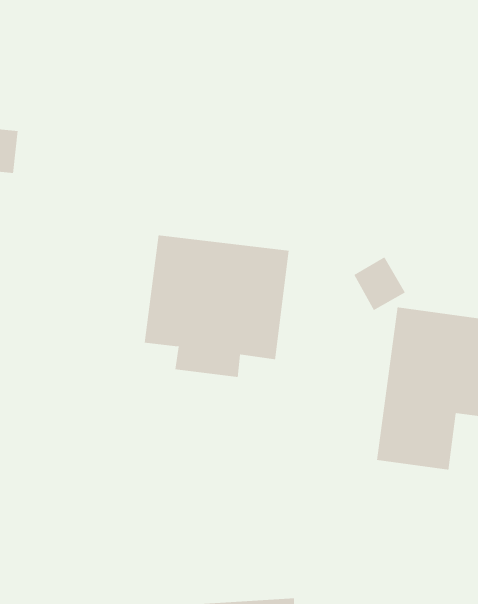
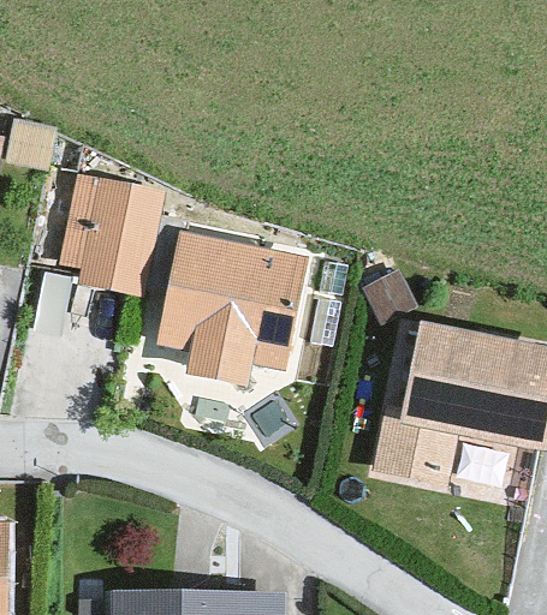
building: none -> [60,175,163,294]

